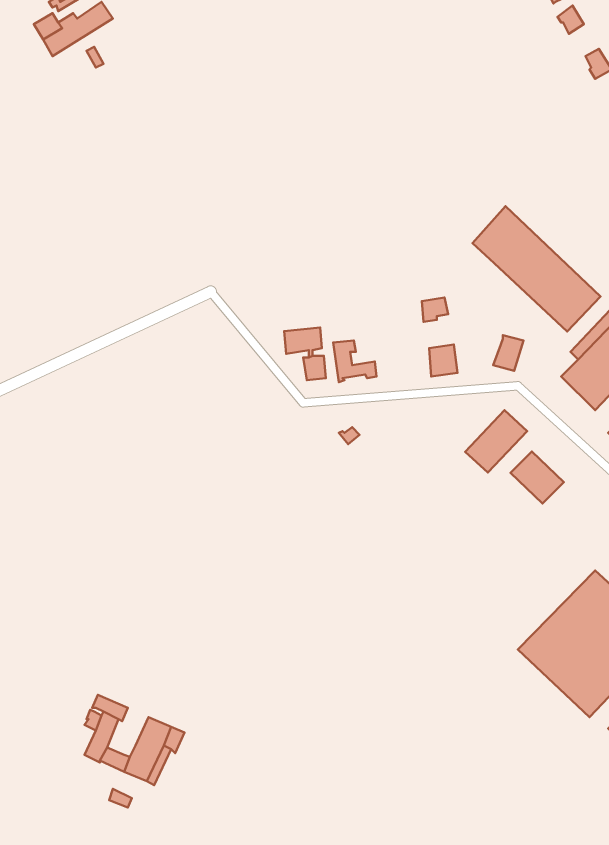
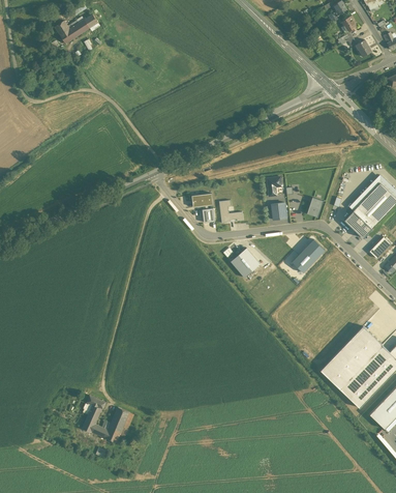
building: [472,206,601,331] -> none
building: none -> [230,248,260,278]
building: [511,451,564,504] -> none

